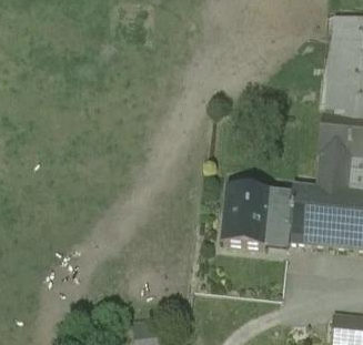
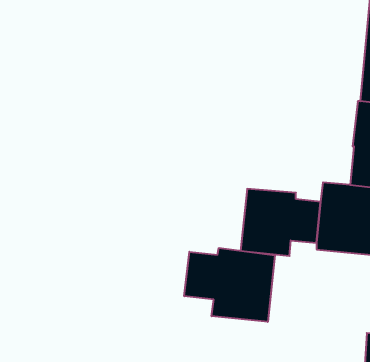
building: none -> [184,248,275,322]

